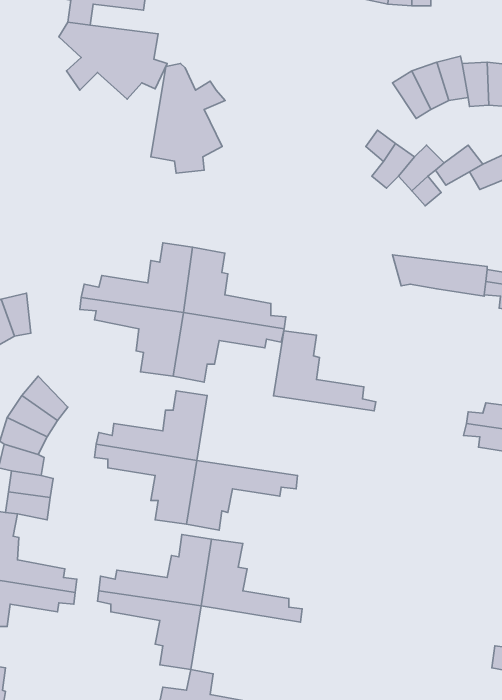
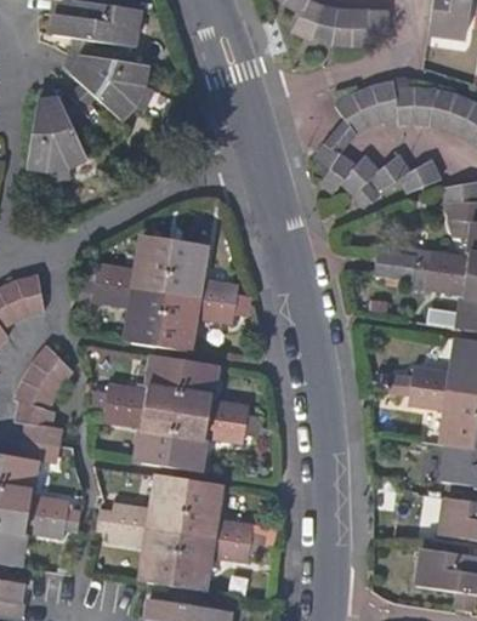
building: [151,64,225,173] -> [28,89,89,178]
building: [273,331,376,411] -> [177,360,261,426]
building: none -> [172,532,262,589]

